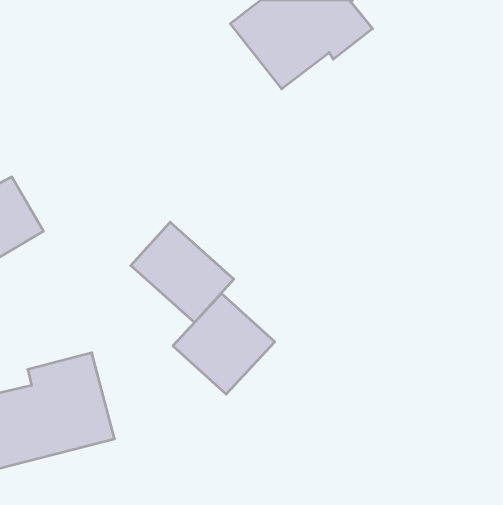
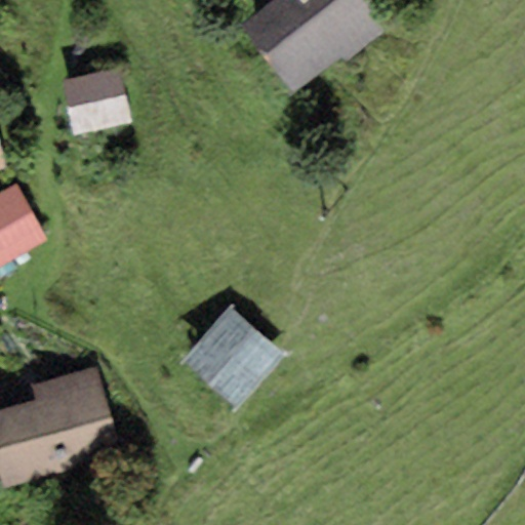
building: none -> [60,68,130,134]
building: [131,222,234,323] -> none

